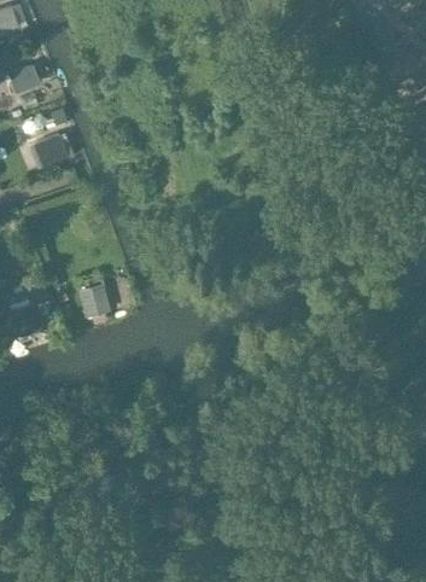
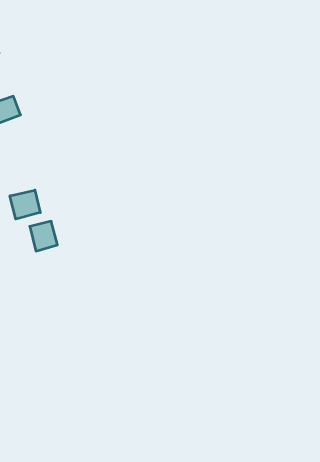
building: none -> [10,190,40,219]

